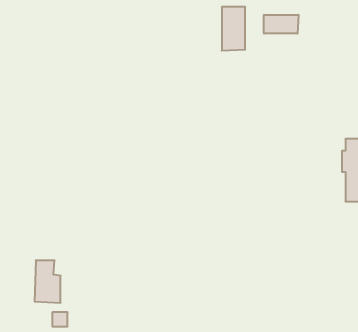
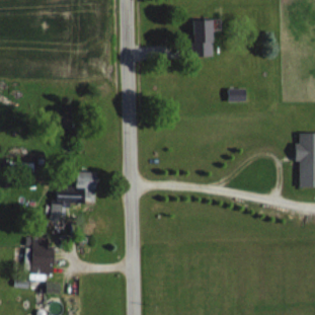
building: [264,15,298,34] -> none
building: none -> [51,172,95,220]

